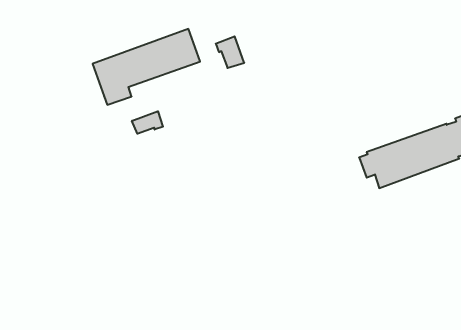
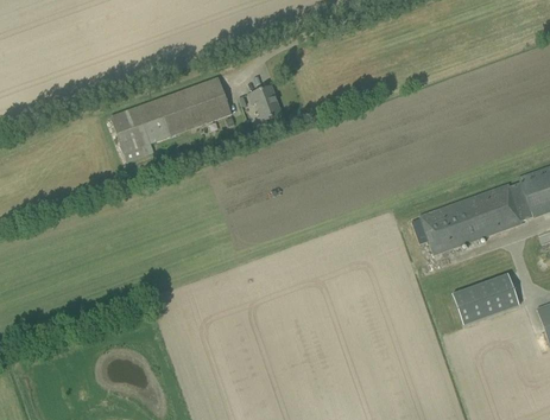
building: [132,111,163,134] -> none
building: none -> [453,273,519,324]

